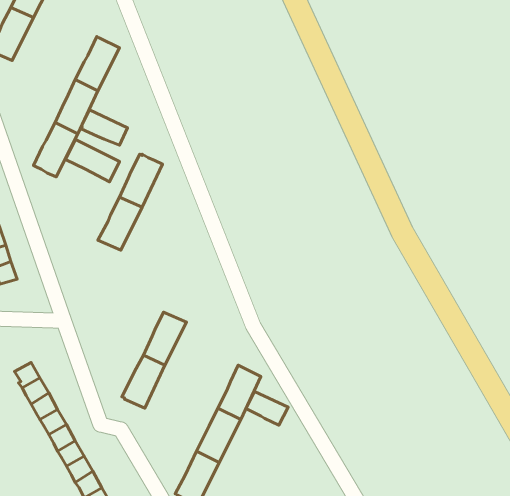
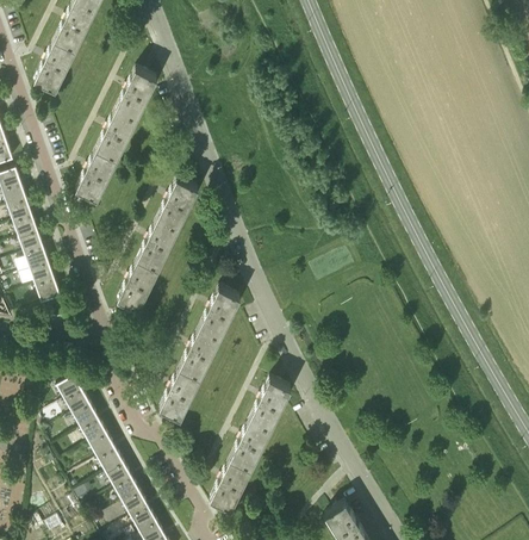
building: [81,110,128,145] -> none
building: [65,139,120,182] -> none
building: none -> [118,261,158,311]
building: none -> [199,288,241,339]
building: [246,391,288,425] -> none

